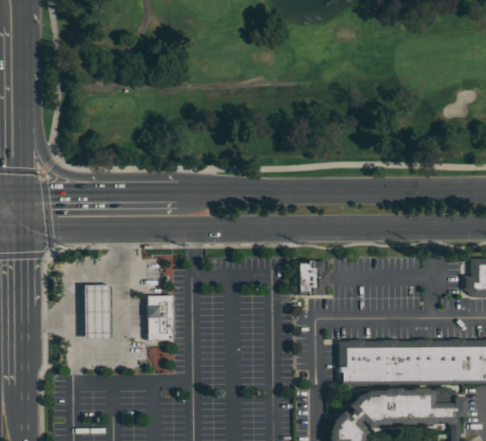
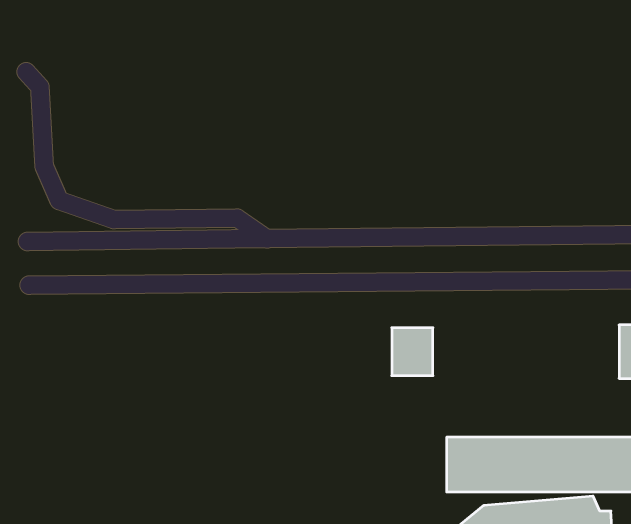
building: [84,285,112,339] -> none
building: [146,296,174,341] -> none

